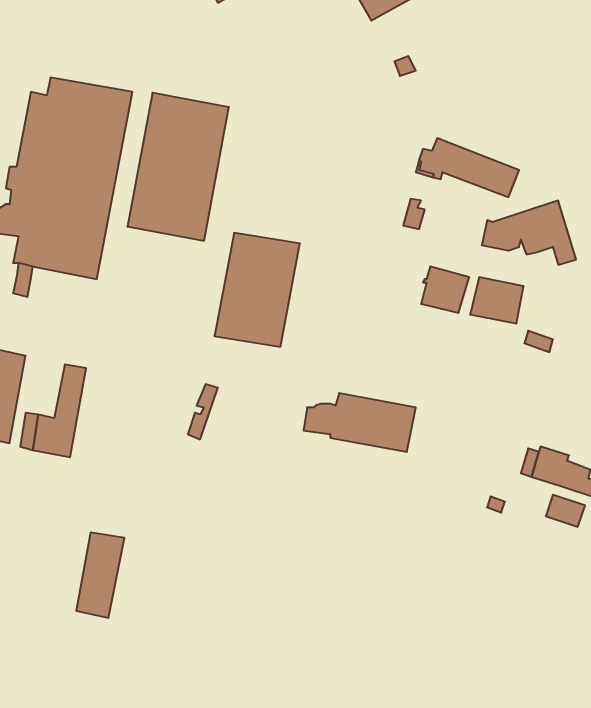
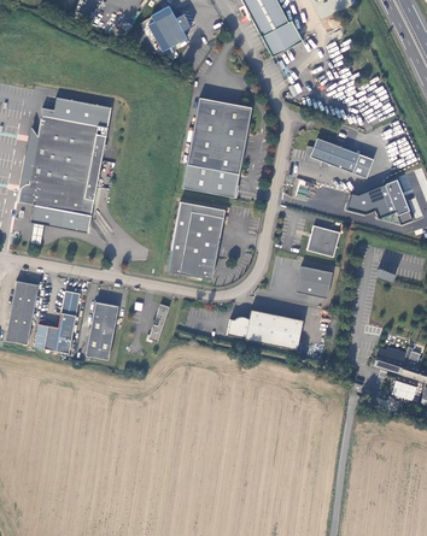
building: [127,93,229,241] -> [182,96,251,196]
building: [470,277,524,324] -> [294,265,331,296]
building: [76,532,124,618] -> [86,301,118,359]

